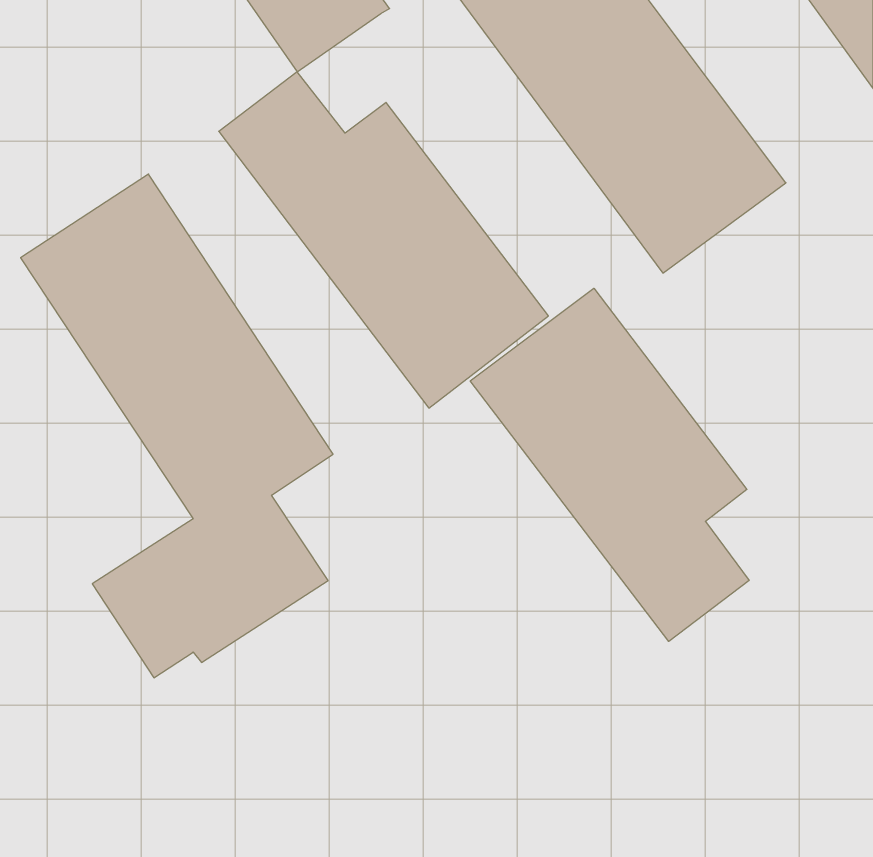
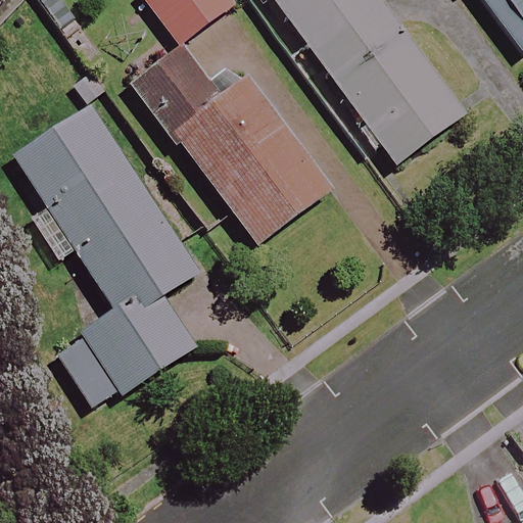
building: [470,288,749,641] -> none

